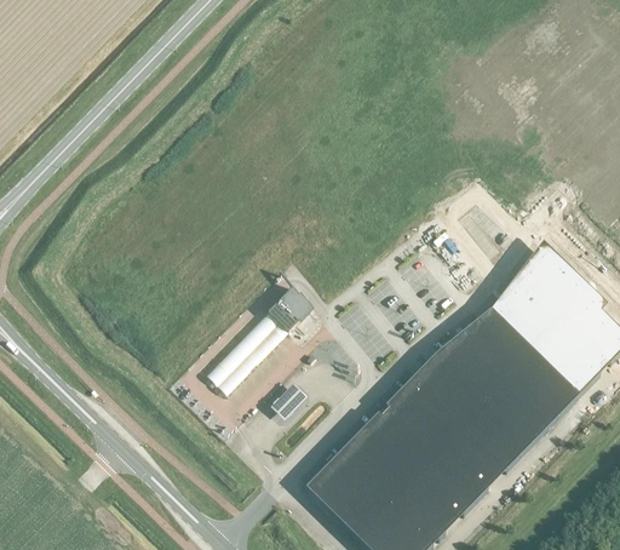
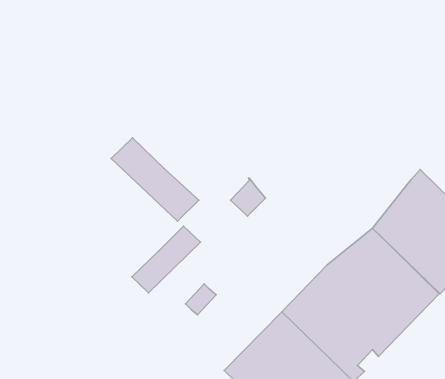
building: none -> [111,138,199,221]
building: [263,287,305,333] -> [231,178,265,216]

